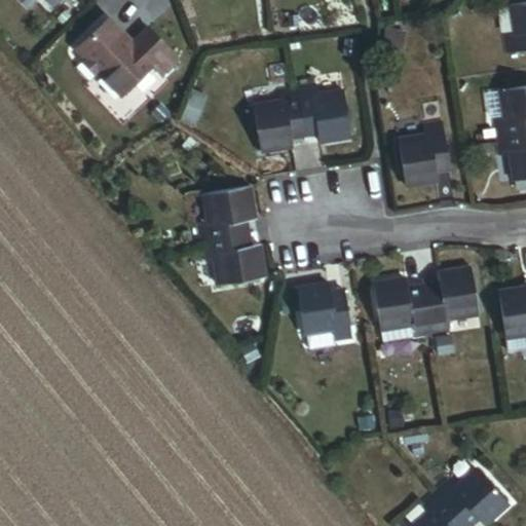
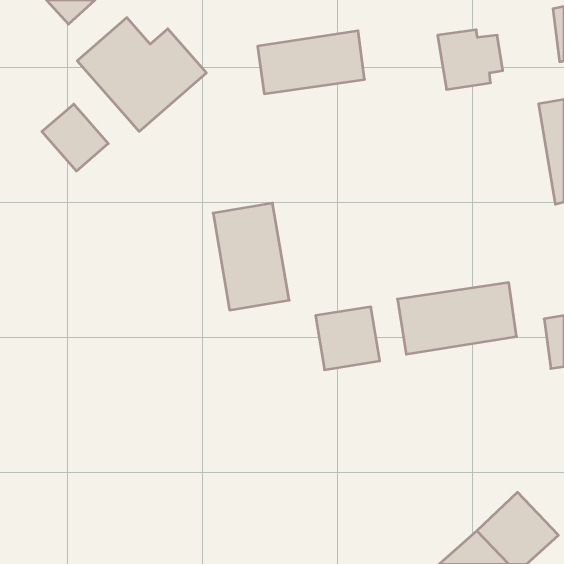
building: [253,90,352,149] -> [258,31,365,94]
building: none -> [42,104,108,171]
building: [389,132,450,187] -> [438,30,503,89]

